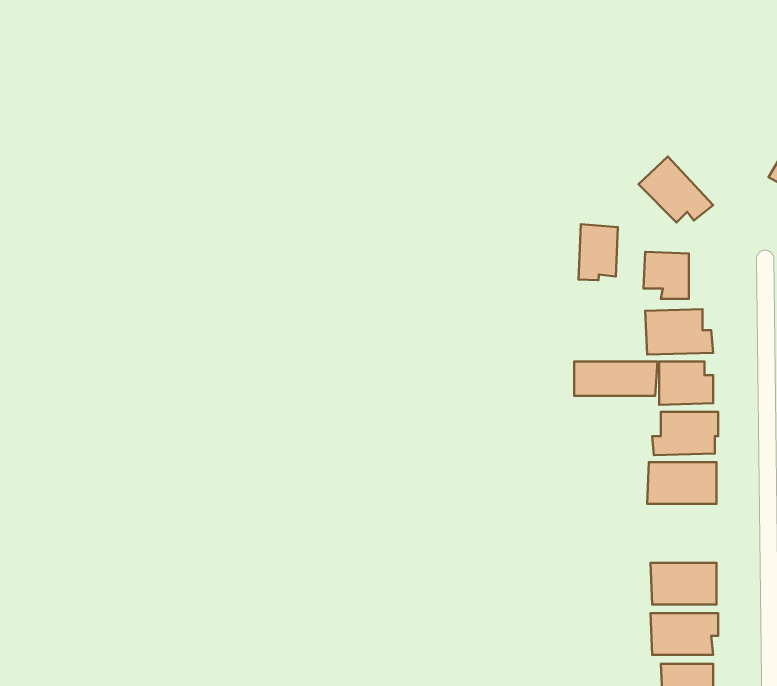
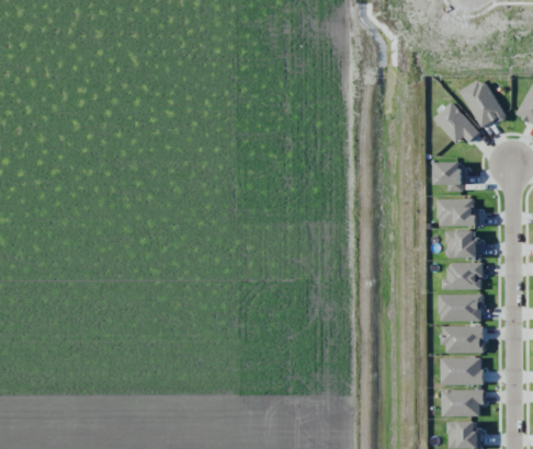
building: none -> [460,78,506,129]
building: [578,224,618,280] -> none
building: [574,361,657,396] -> none
building: none -> [443,326,484,354]

